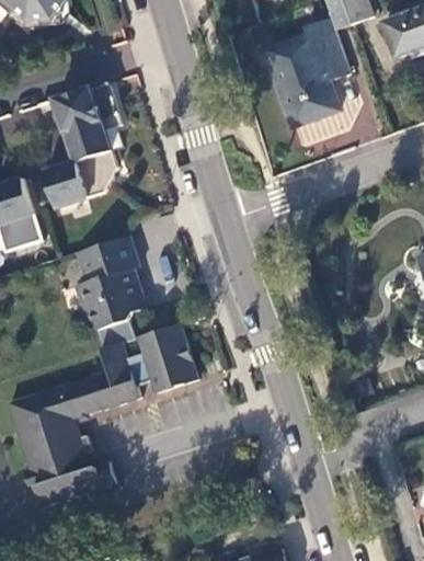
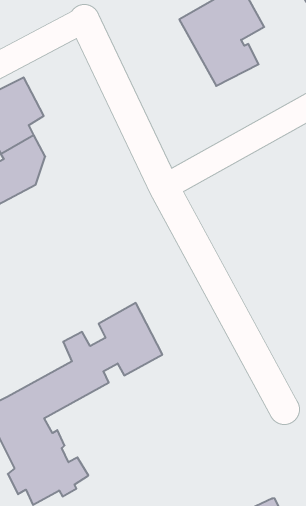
building: [72,238,139,333] -> none

